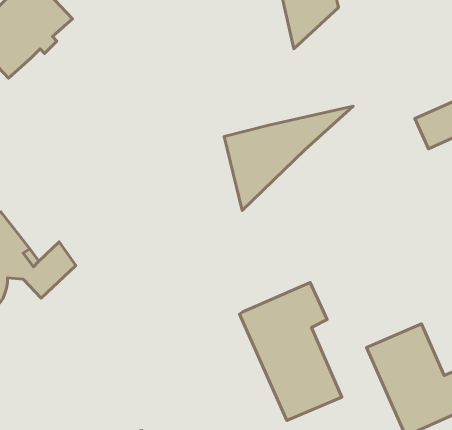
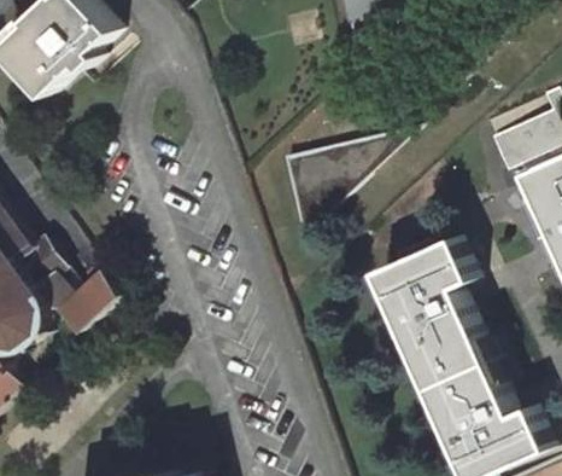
building: [240,283,342,421] -> [375,233,485,382]

